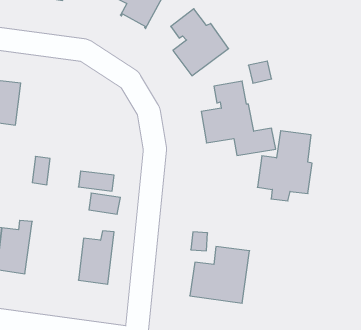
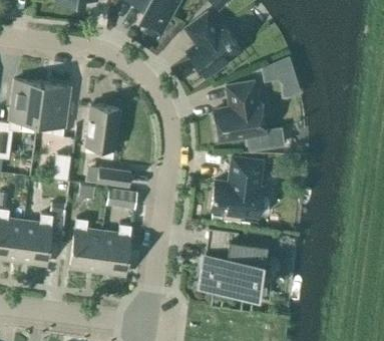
building: none -> [37,83,69,137]
building: none -> [85,105,119,158]
building: [257,131,312,201] -> [211,156,263,224]
building: none -> [70,219,102,272]

